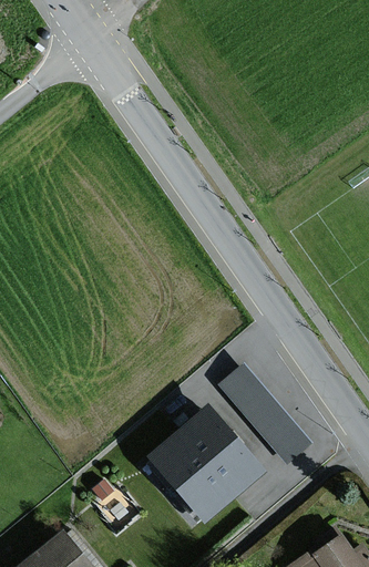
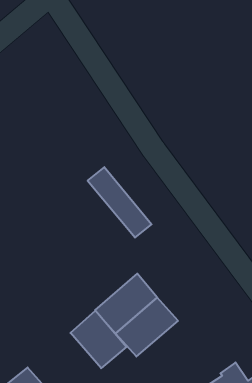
building: [224,367,309,461] -> [88,167,152,238]
building: none -> [70,311,127,368]

